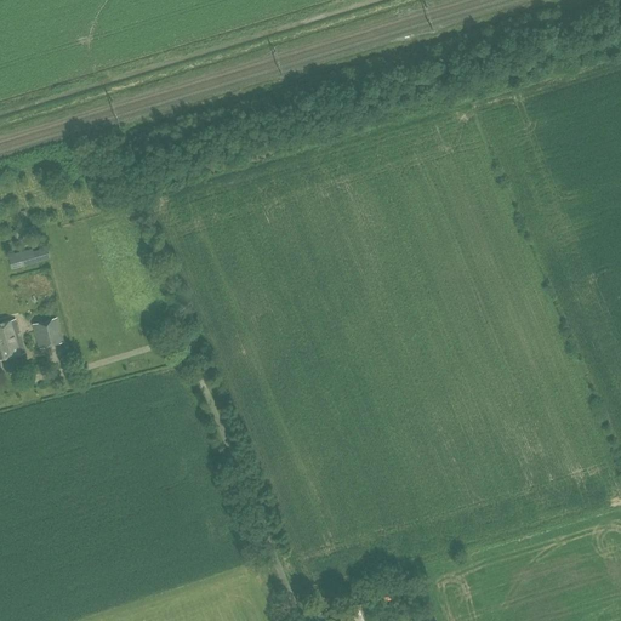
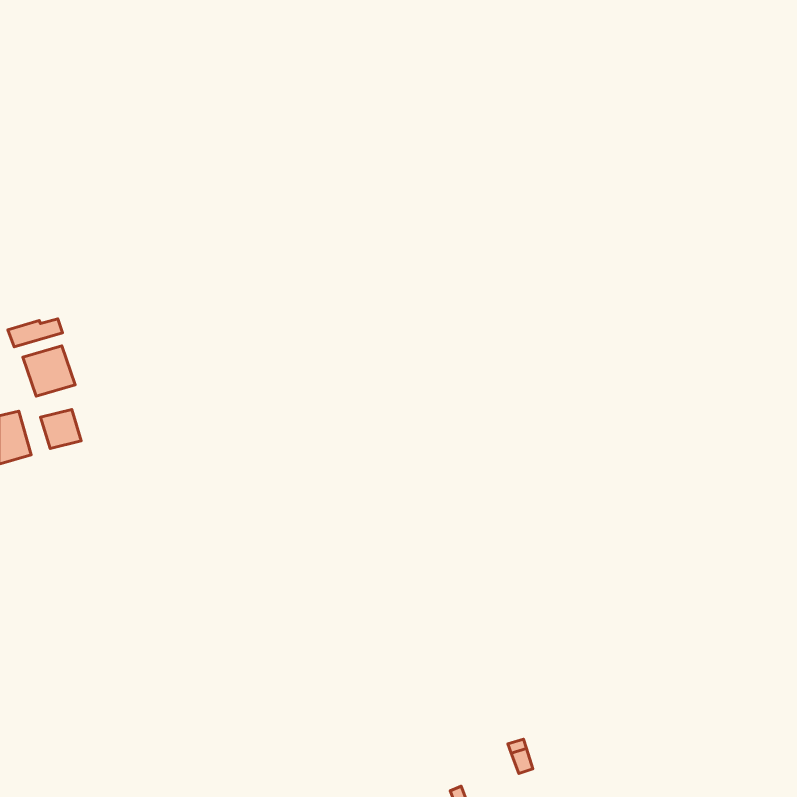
building: none -> [23,346,75,396]

